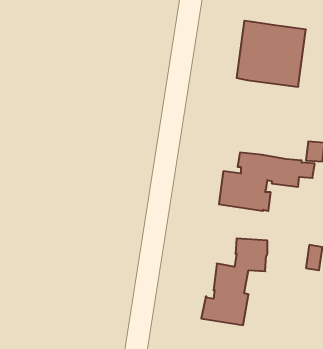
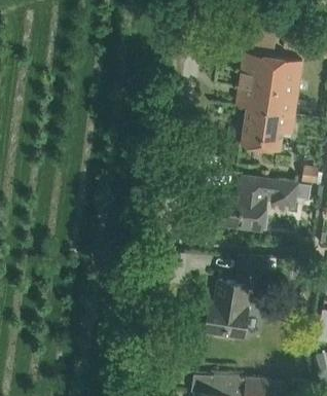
building: none -> [241,108,294,150]

